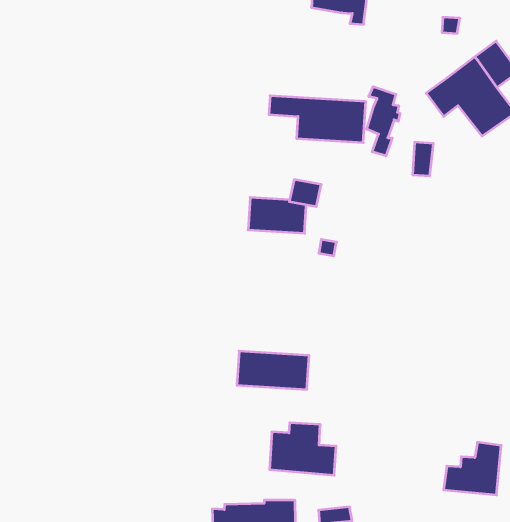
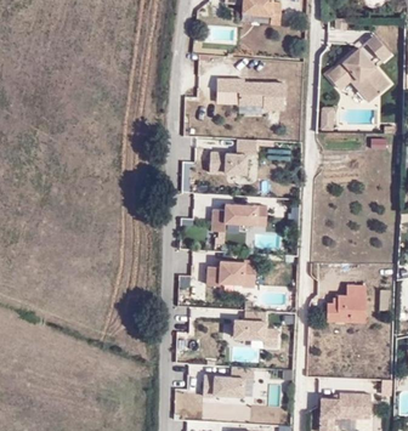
building: [367,87,400,156] -> none
building: none -> [211,205,267,234]
building: [444,442,501,495] -> [327,285,365,322]

